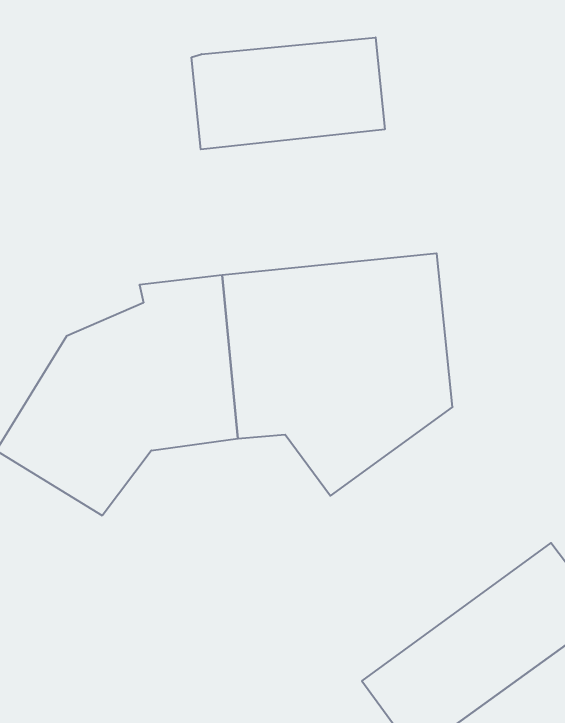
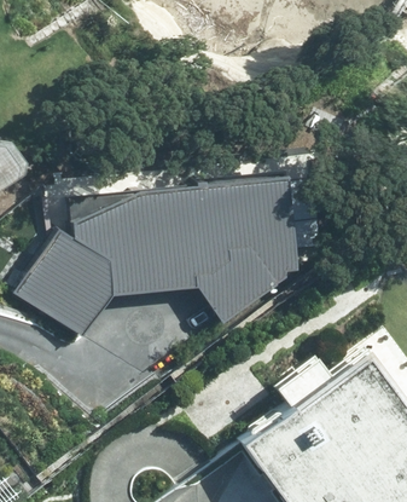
building: [192,37,385,149] -> none

